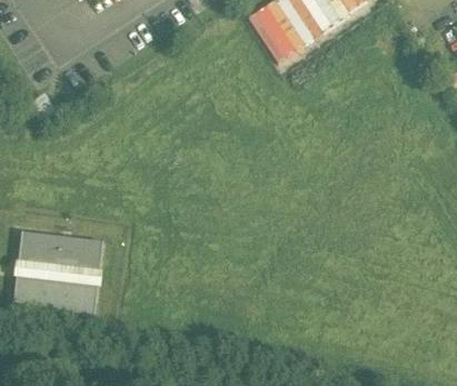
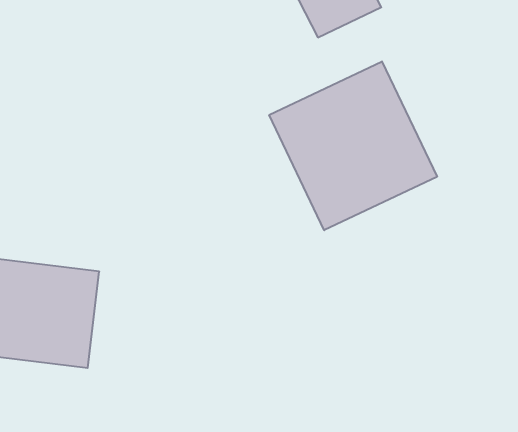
building: none -> [269,61,437,230]

